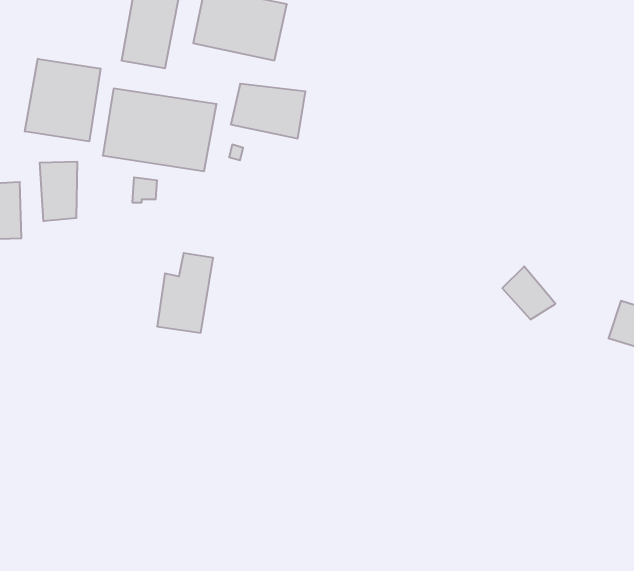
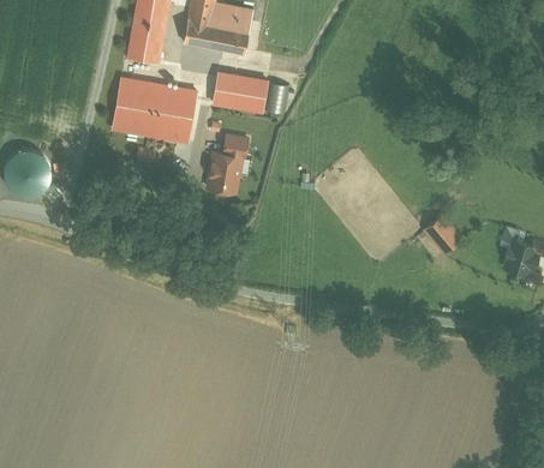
building: [25,59,100,141] -> none
building: [40,162,77,221] -> none
building: [157,253,213,333] -> [204,132,247,193]

